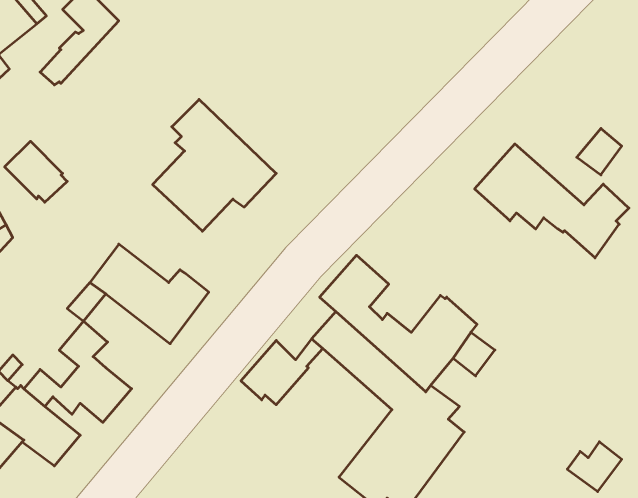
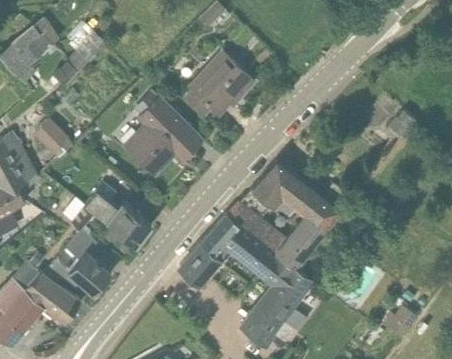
building: none -> [184,51,254,115]
building: [475,144,629,258] -> [251,161,347,232]
building: none -> [201,214,238,254]

